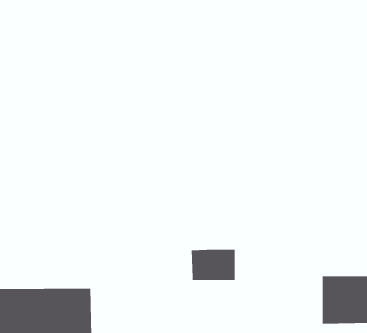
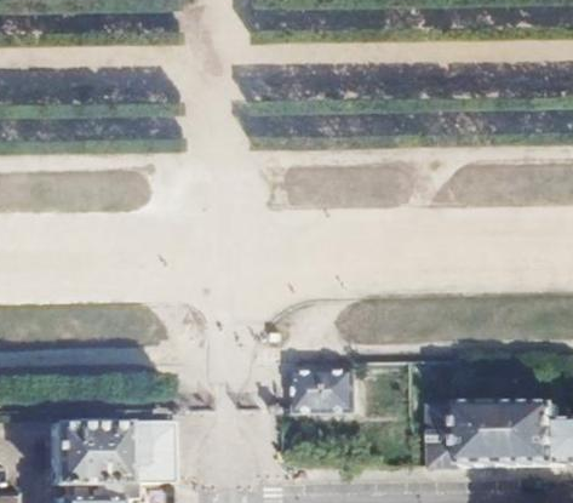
building: none -> [434,404,465,467]

